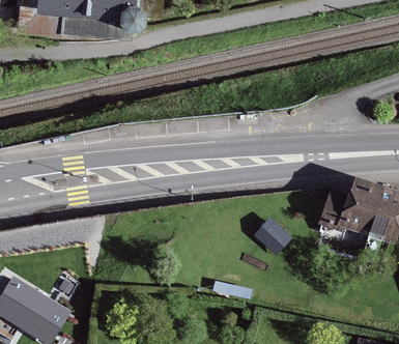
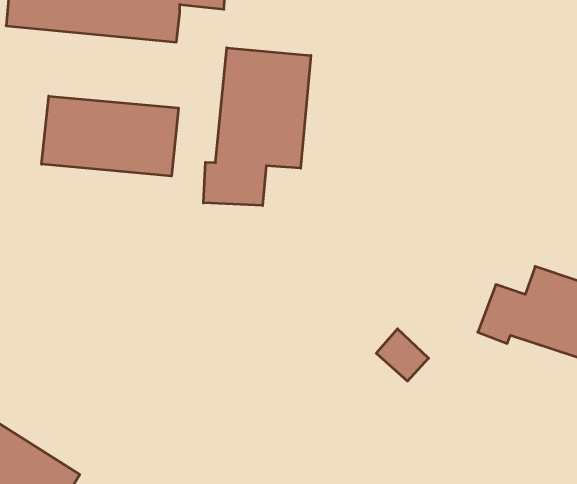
building: none -> [203,48,311,206]
building: none -> [42,96,178,176]

